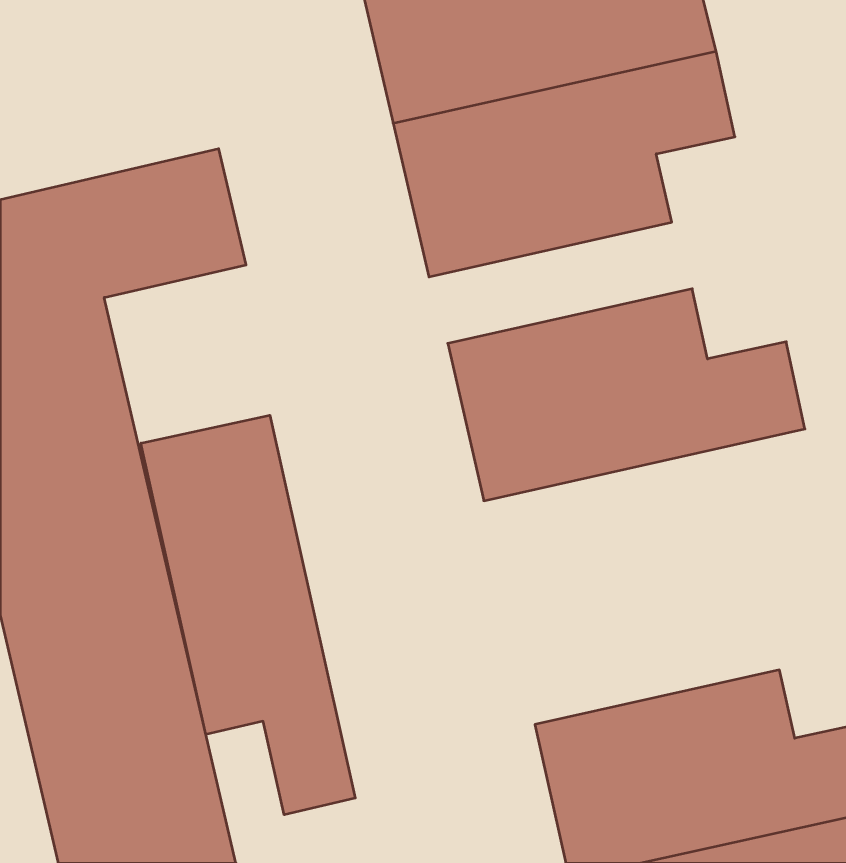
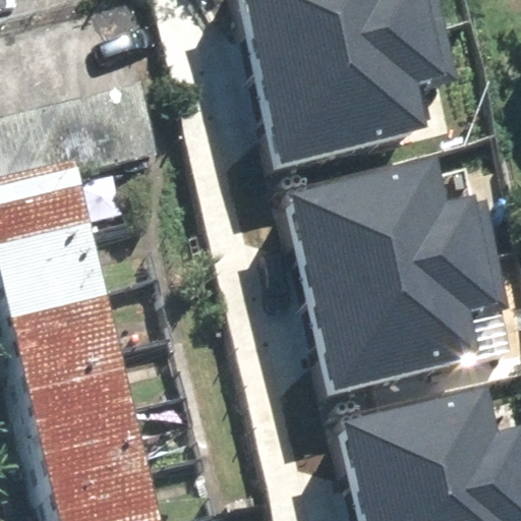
building: [141,415,355,815] -> none
building: none -> [304,255,507,390]

